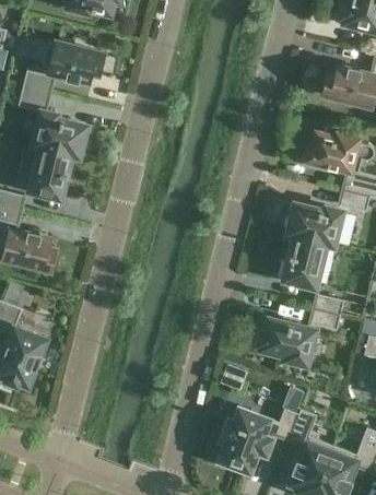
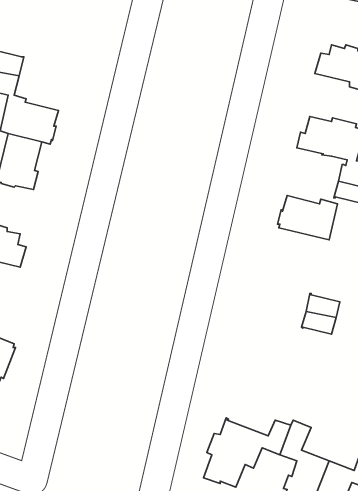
building: [42,38,105,81] -> none
building: [281,233,333,286] -> none
building: [258,318,314,364] -> none

